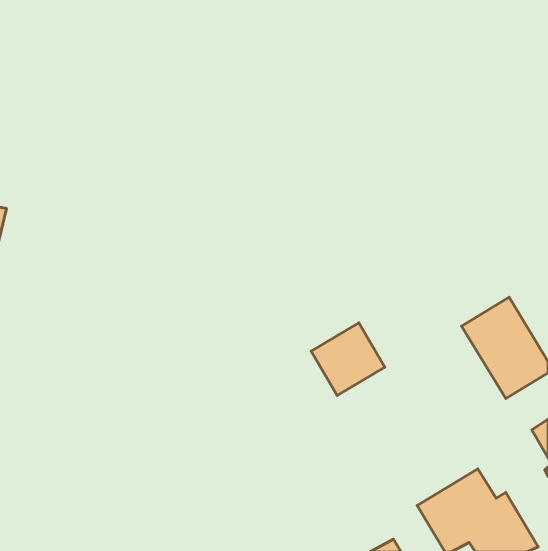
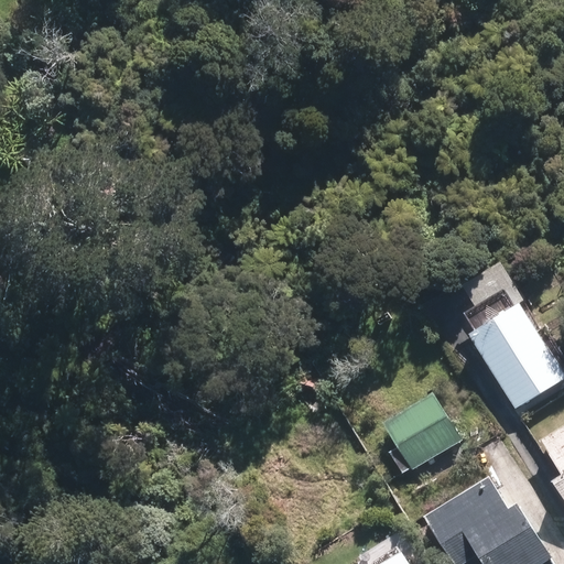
building: [311,323,385,395] -> [383,394,458,468]

